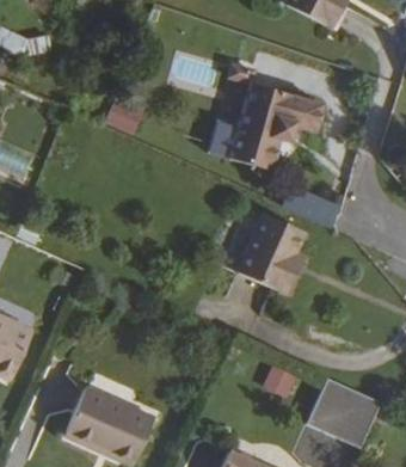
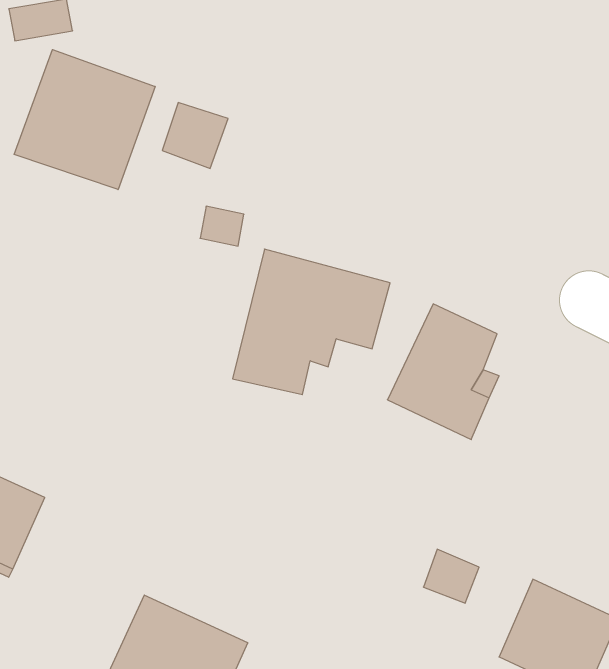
building: none -> [14,50,155,190]
building: [226,79,320,166] -> [233,249,390,395]

